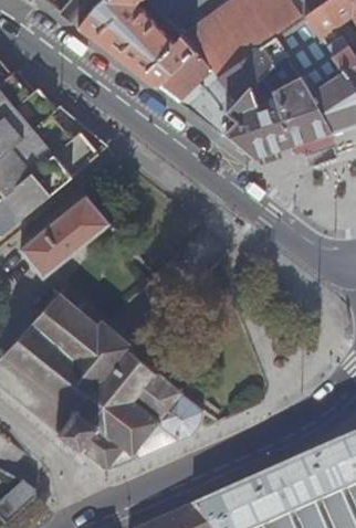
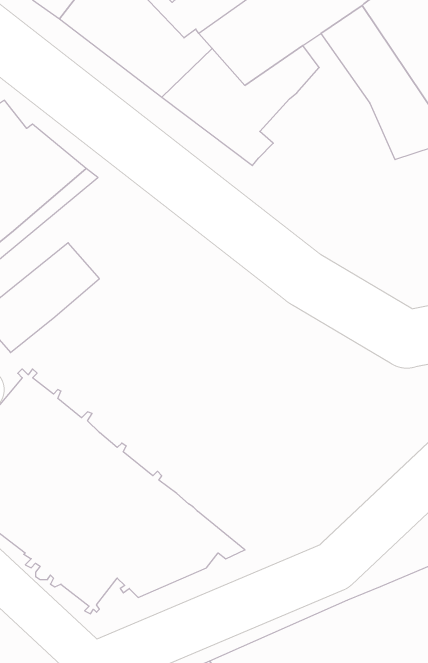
building: [228,38,329,156] -> none

